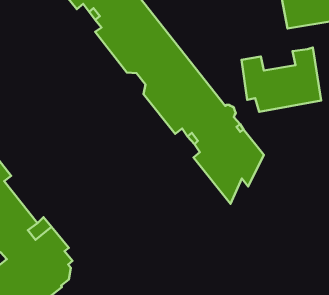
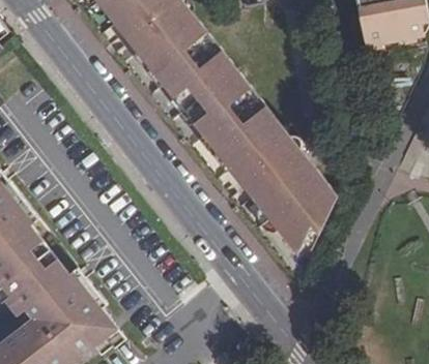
building: [242,47,321,112] -> none

